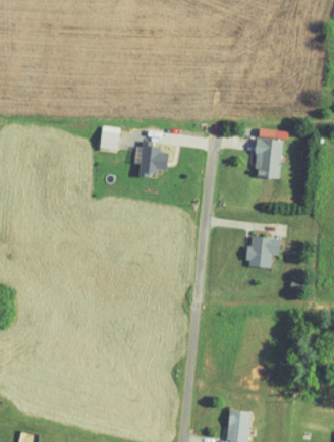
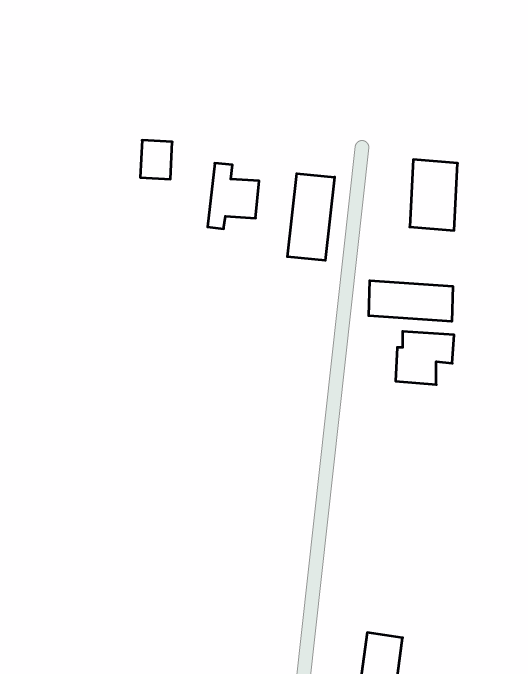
building: none -> [287,174,335,260]
building: none -> [369,281,453,321]

